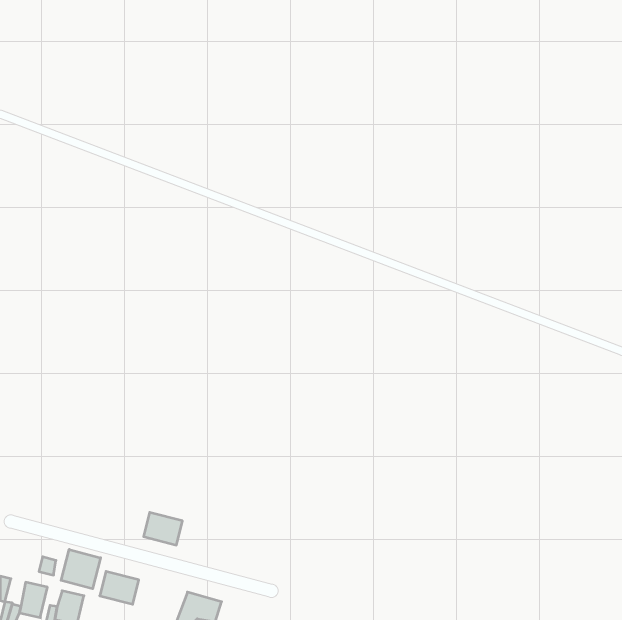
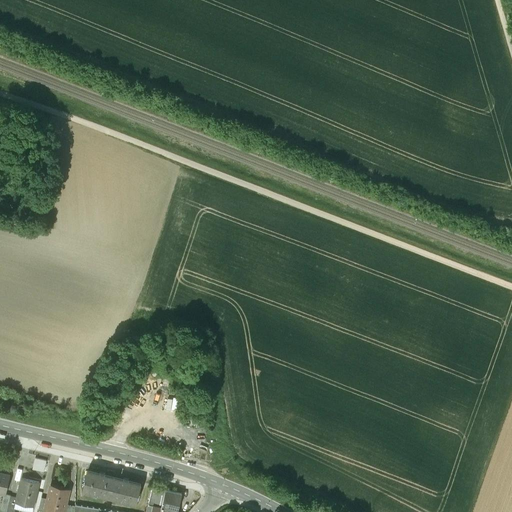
building: [144,512,182,545] -> [109,478,141,505]
building: [61,549,101,589] -> none

